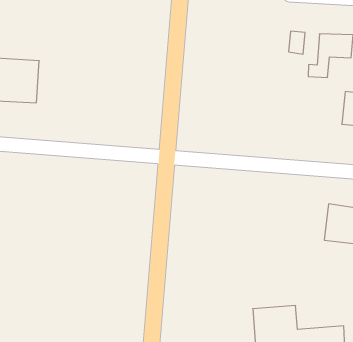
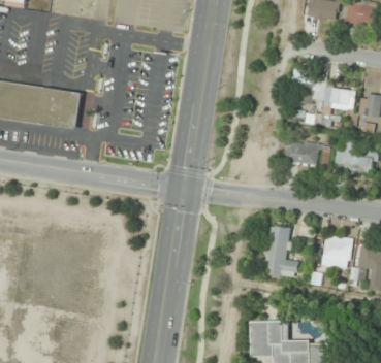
building: none -> [284,140,319,165]
building: none -> [265,226,298,278]

